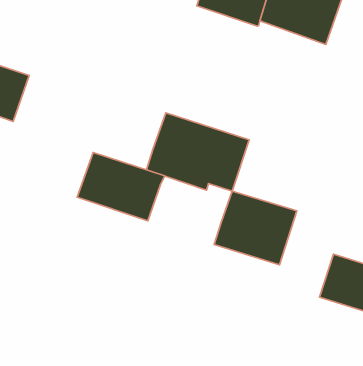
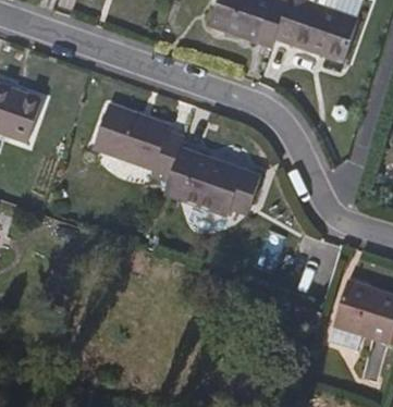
building: [77,152,165,221] -> [94,103,183,173]
building: [214,191,297,265] -> none

